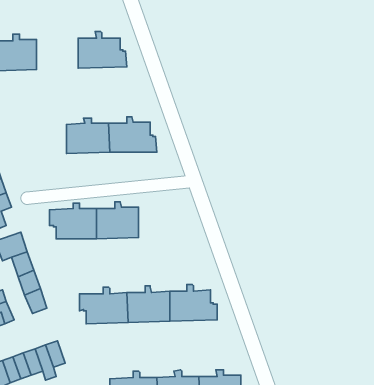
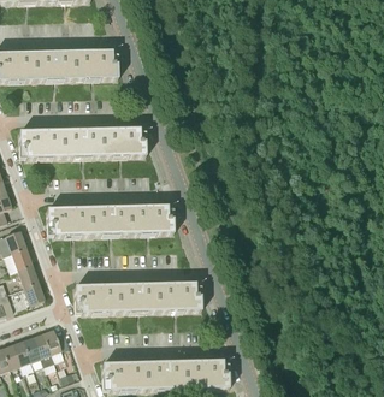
building: none -> [34,47,72,81]
building: none -> [18,125,61,159]
building: none -> [128,201,172,235]

